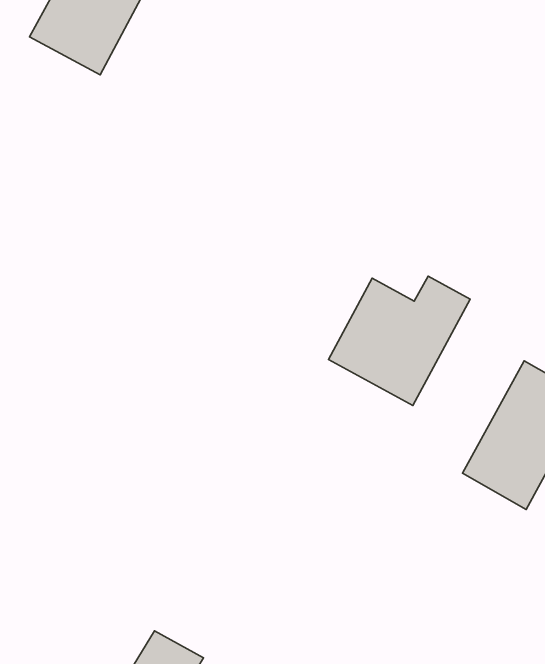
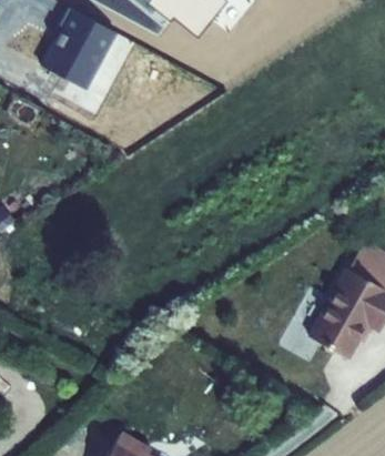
building: [328,276,470,406] -> none

